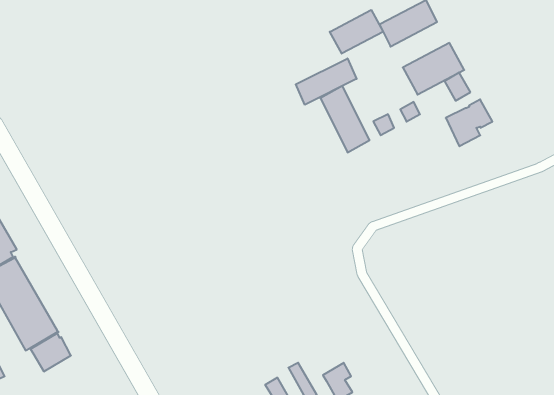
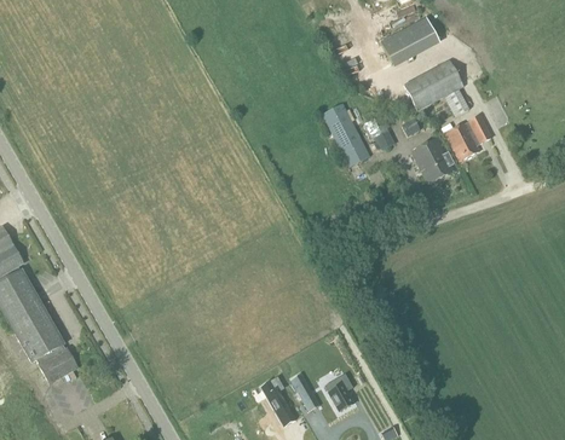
building: [330,10,383,54] -> none
building: [296,58,357,105] -> none
building: none -> [411,137,454,183]

